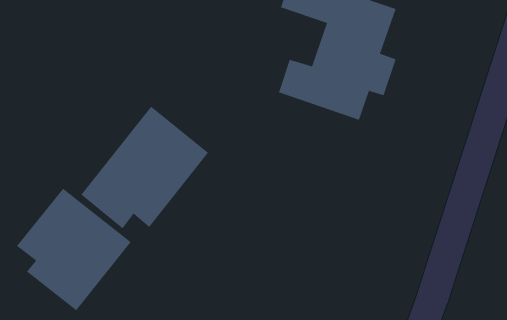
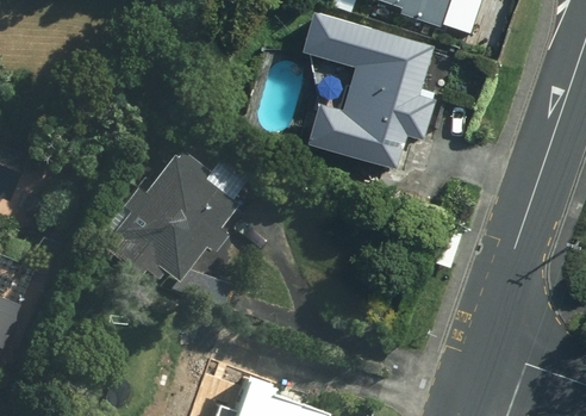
building: [16,188,131,311] -> none

